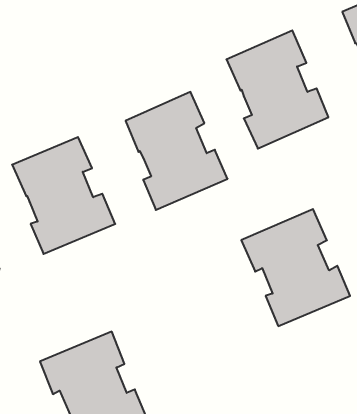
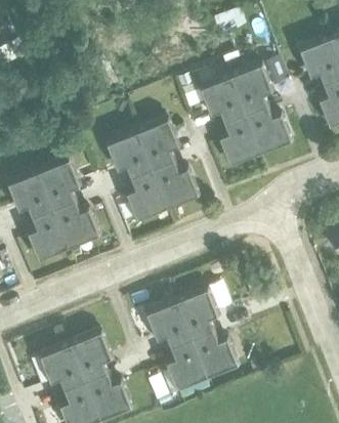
building: [241,209,350,326] -> [143,287,240,390]

